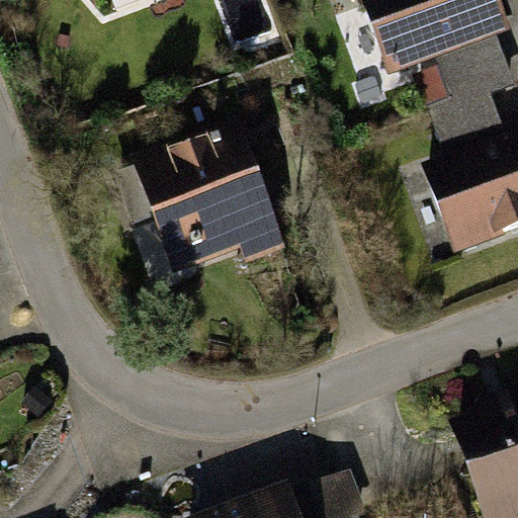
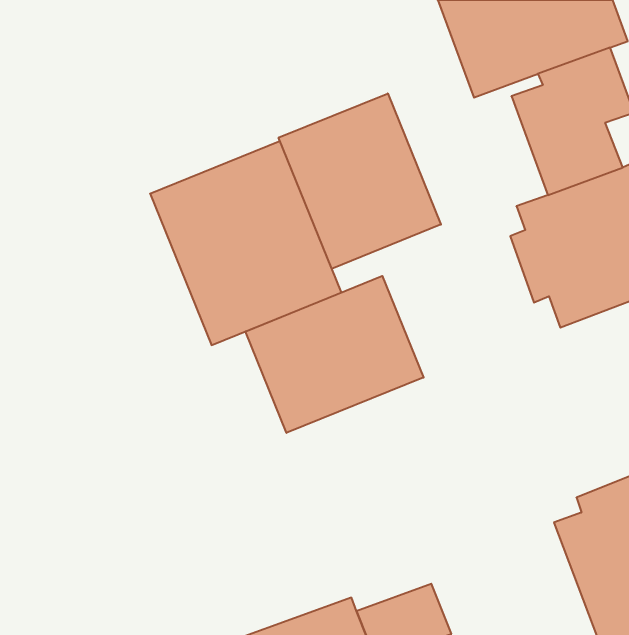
building: none -> [279,93,441,269]
building: none -> [245,276,424,433]

